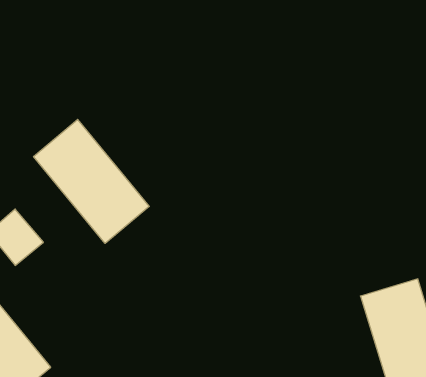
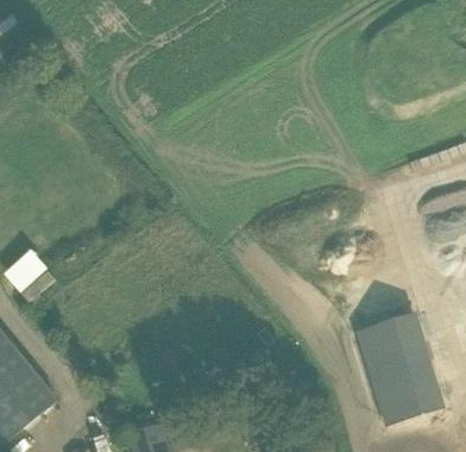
building: [34,119,149,243] -> none

